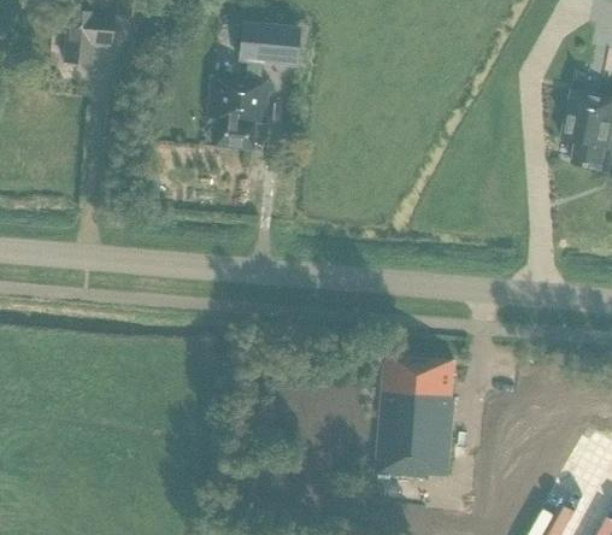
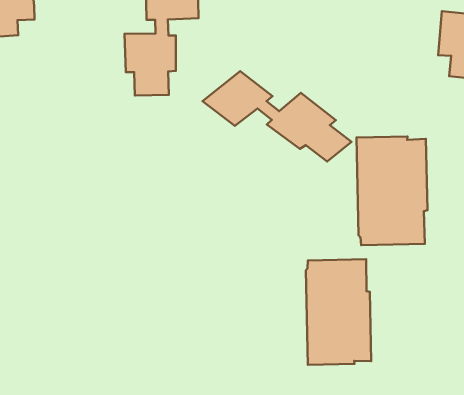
building: none -> [203,71,351,162]
building: none -> [357,136,427,245]

